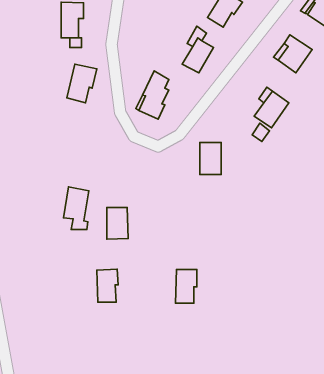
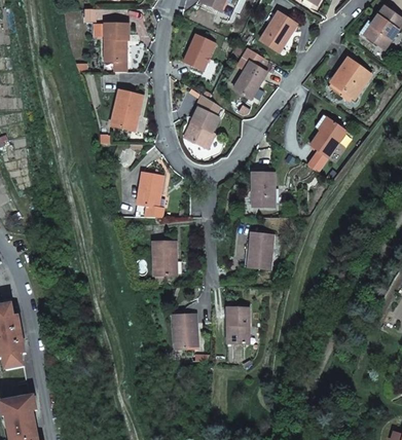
building: none -> [183,34,215,71]
building: [64,187,89,230] -> [137,172,163,217]
building: none -> [248,232,273,269]
building: [97,269,118,302] -> [174,314,196,349]

